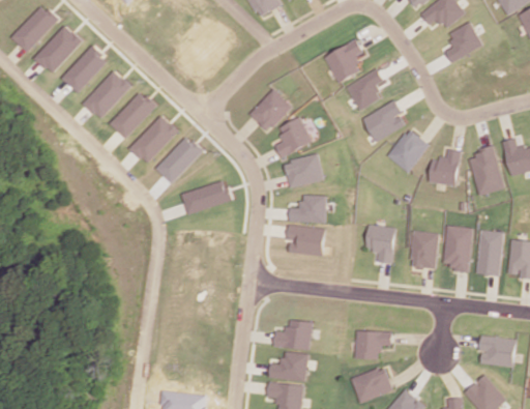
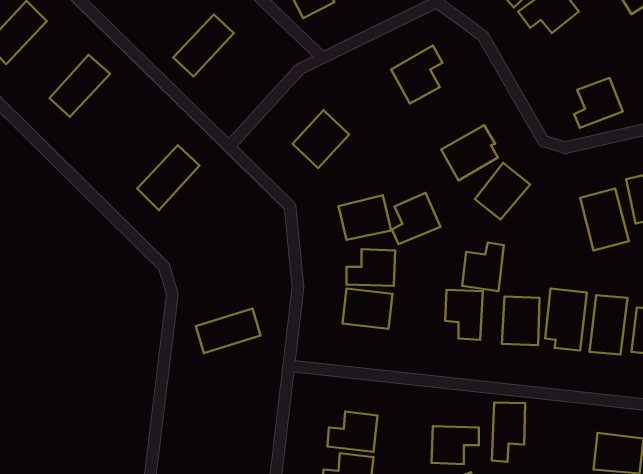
building: [446,23,483,61] -> [574,78,623,128]
building: [34,25,84,75] -> none
building: [345,68,383,111] -> none
building: [82,69,130,120] -> none
building: [108,91,154,139] -> [173,14,234,76]
building: [274,117,312,156] -> [392,193,440,244]
building: [154,136,201,183] -> none
building: [429,149,461,186] -> [462,242,504,291]
building: [180,180,230,214] -> [196,308,260,353]
building: none -> [492,402,525,462]

